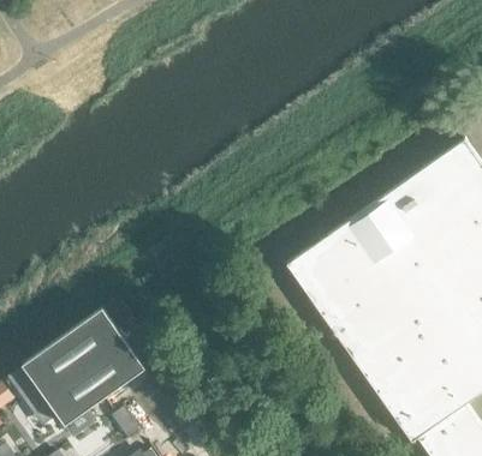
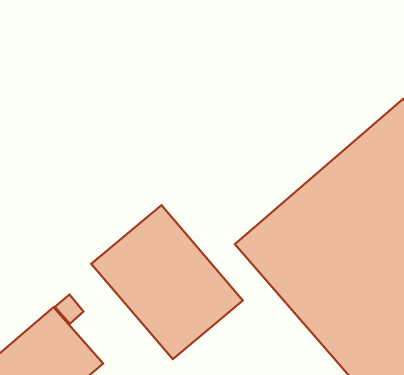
building: none -> [91,205,243,359]

